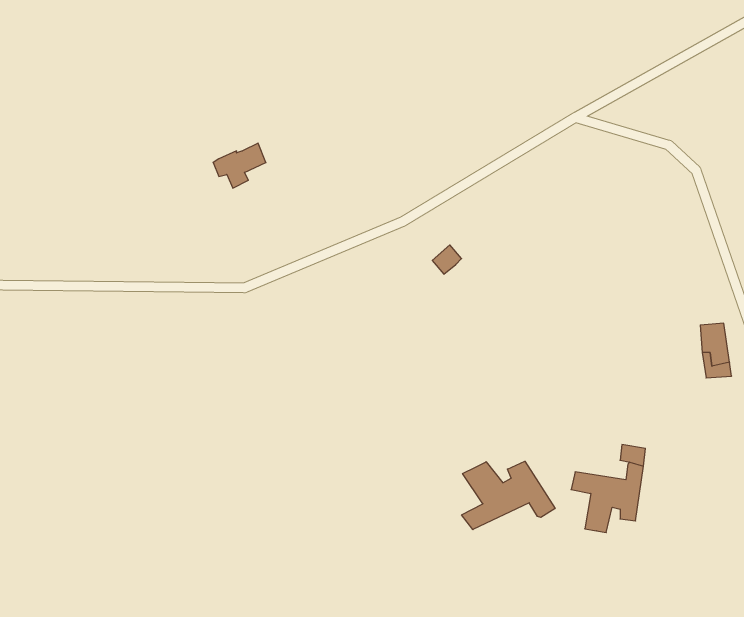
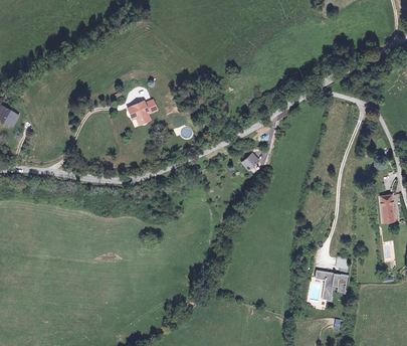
building: [462,461,555,530] -> none

